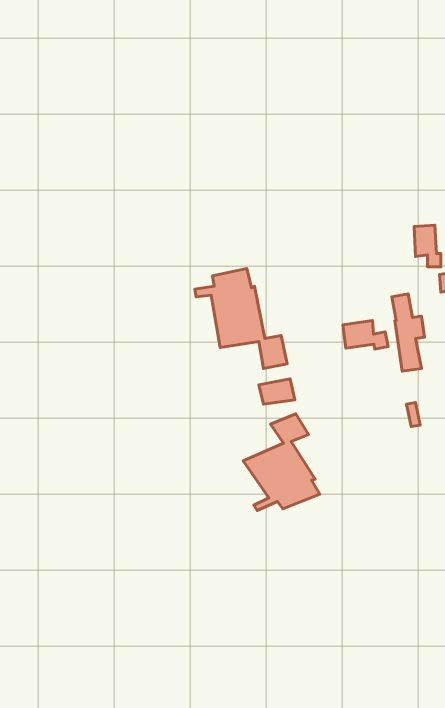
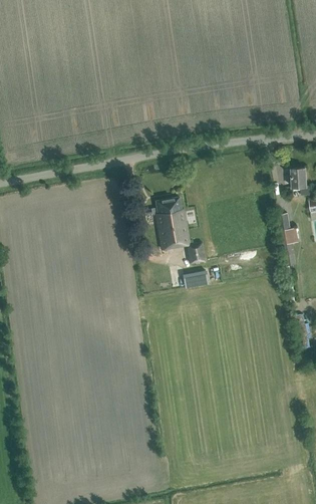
building: [343,321,388,349] -> none
building: [243,414,320,511] -> none

